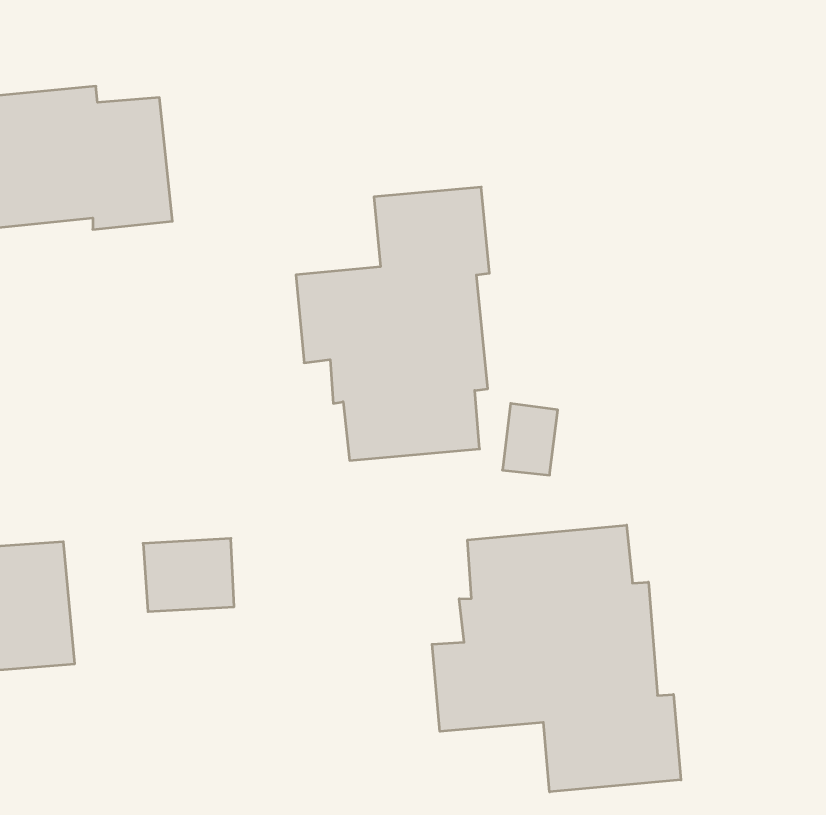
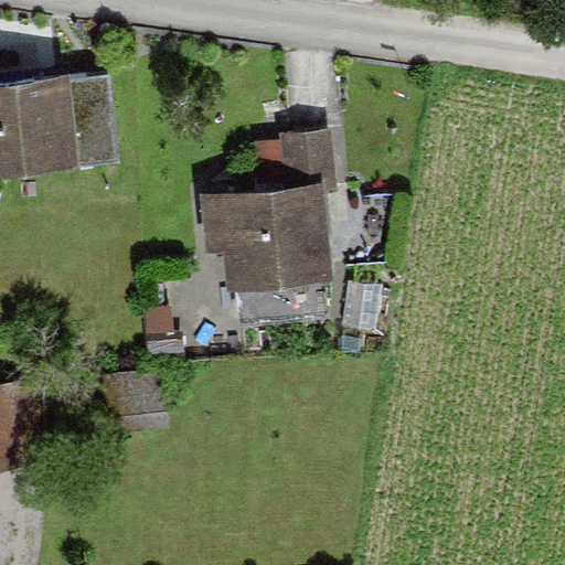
building: [432,525,681,792] -> none

